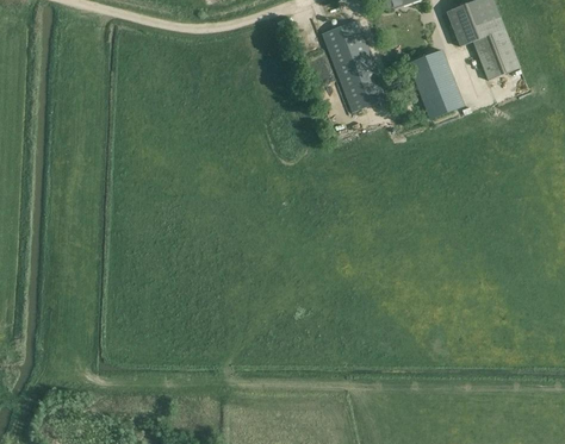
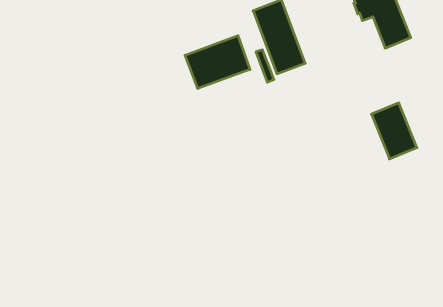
building: [408,49,465,119] -> [371,103,417,159]
building: none -> [185,36,250,89]

